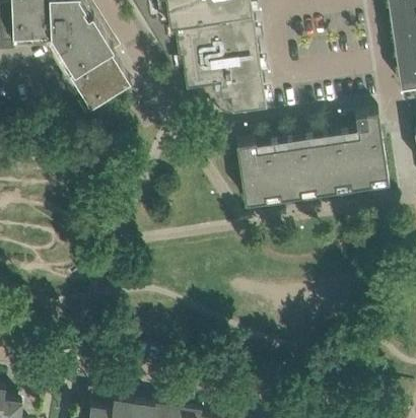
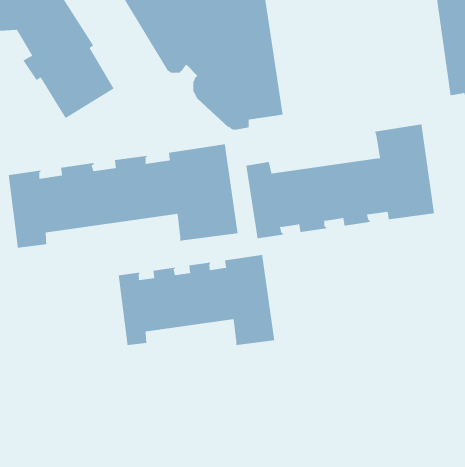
building: none -> [8,144,238,249]
building: none -> [118,254,275,346]

